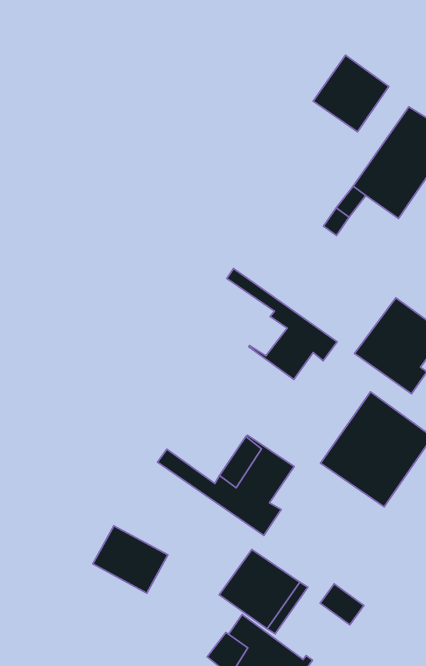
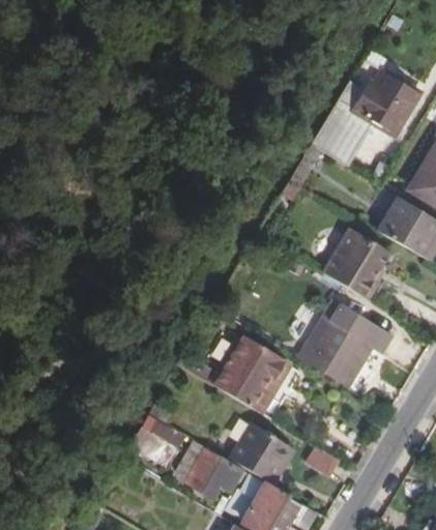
building: [313,55,389,132] -> none
building: [227,268,337,379] -> none
building: none -> [184,446,242,496]

